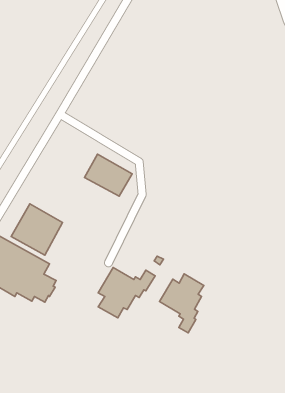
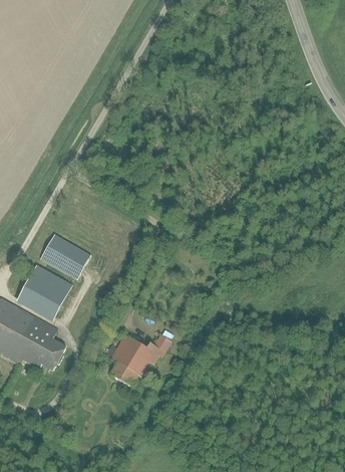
building: [84,154,132,196] -> [40,232,91,277]
building: [160,274,204,333] -> none

